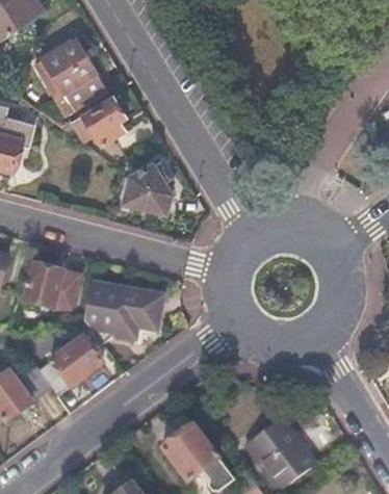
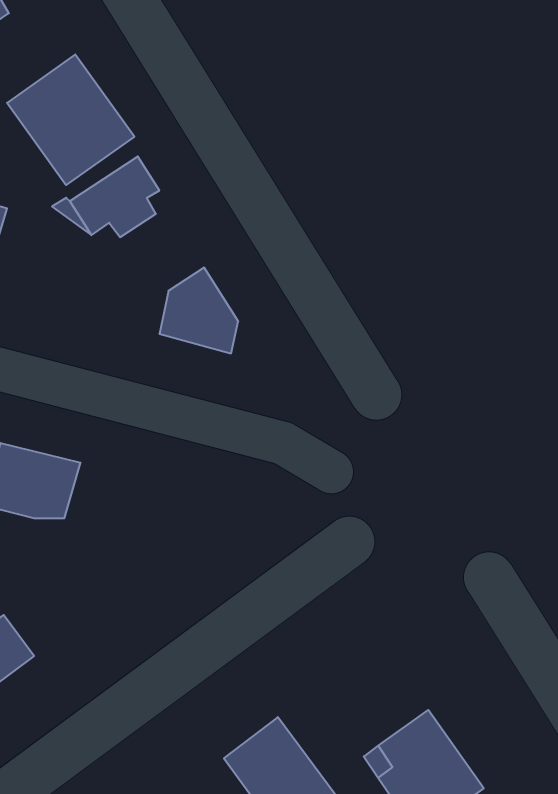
building: [82,282,163,345] -> none
building: [50,336,103,387] -> none

